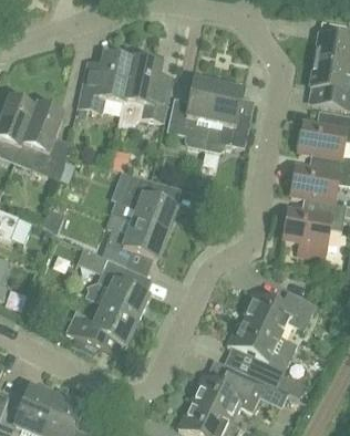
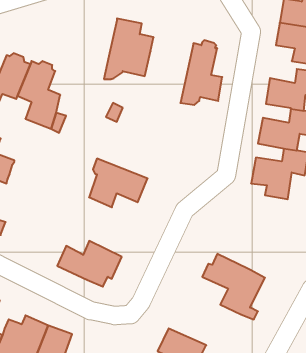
building: [76,52,132,123] -> none
building: [165,74,217,149] -> none
building: [110,169,177,233] -> none
building: [75,248,148,321] -> none
building: [244,290,316,335] -> none
building: [189,361,288,419] -> none

